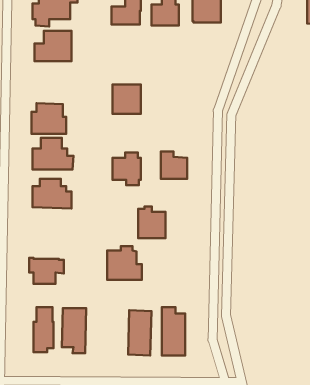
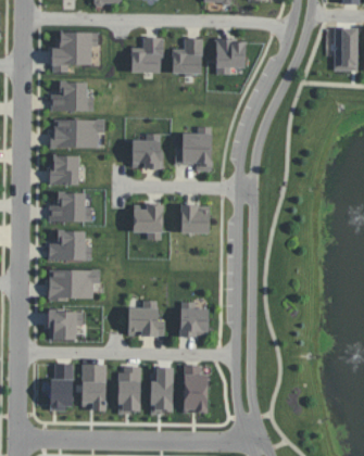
building: none -> [50,118,103,148]
building: none -> [176,129,212,169]
building: [138,207,166,238] -> [179,304,208,337]
building: none -> [48,270,98,302]
building: none -> [117,366,140,413]

